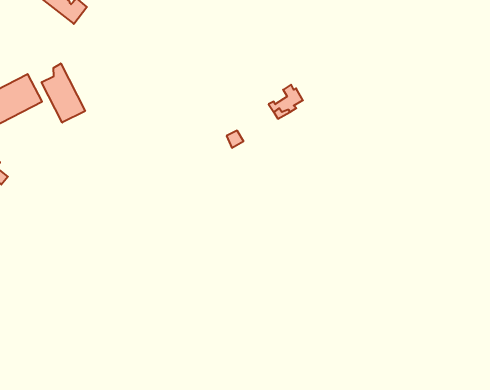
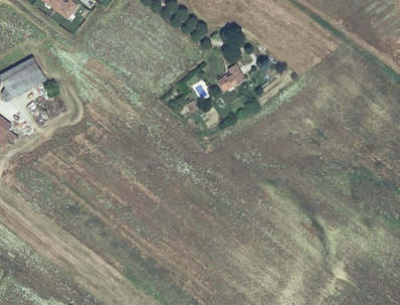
building: [42,63,85,123] -> none

